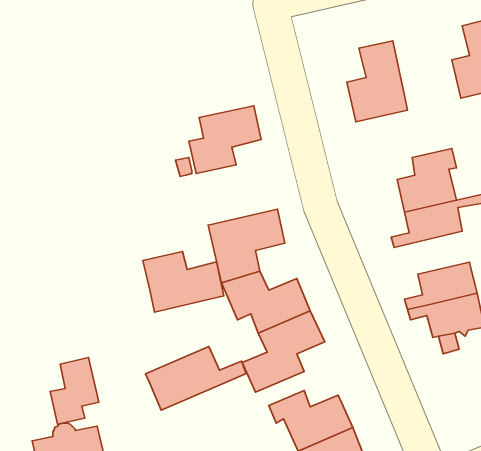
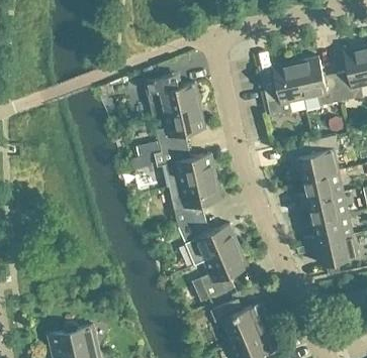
building: none -> [295,57,342,107]
building: none -> [145,74,200,117]
building: none -> [296,193,348,222]
building: [143,252,224,312] -> [161,147,216,189]
building: [146,346,246,410] -> none
building: [50,358,99,424] -> none

